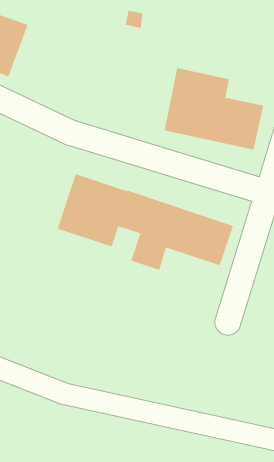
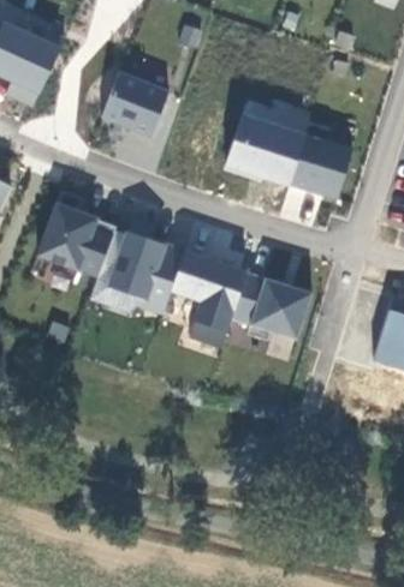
building: none -> [102,72,168,137]
building: none -> [35,202,117,290]

